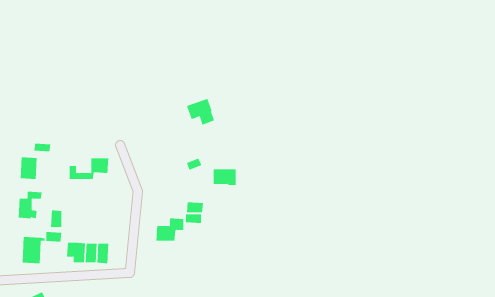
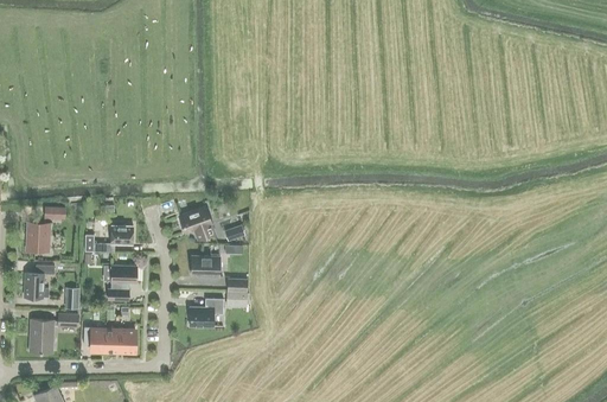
building: [186,98,215,126] -> [180,206,215,240]
building: [213,169,236,185] -> [192,256,221,276]
building: none -> [106,266,138,300]

